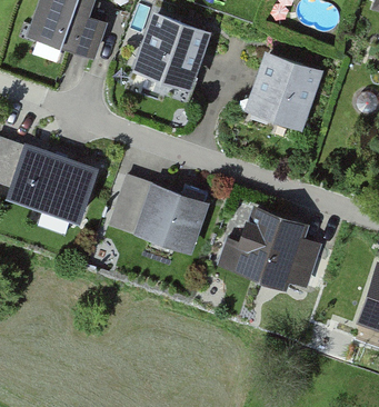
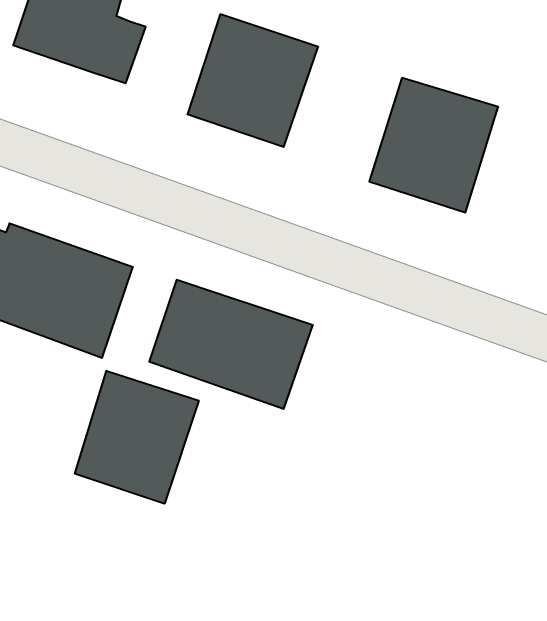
building: [218,206,318,289] -> none
building: none -> [75,371,199,504]

